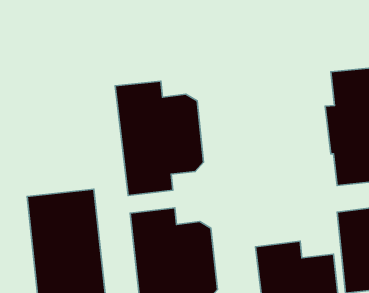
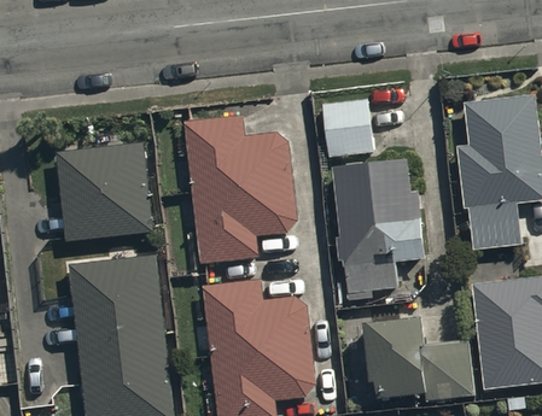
building: none -> [320,92,373,150]
building: none -> [54,134,152,235]
building: none -> [333,162,420,273]

